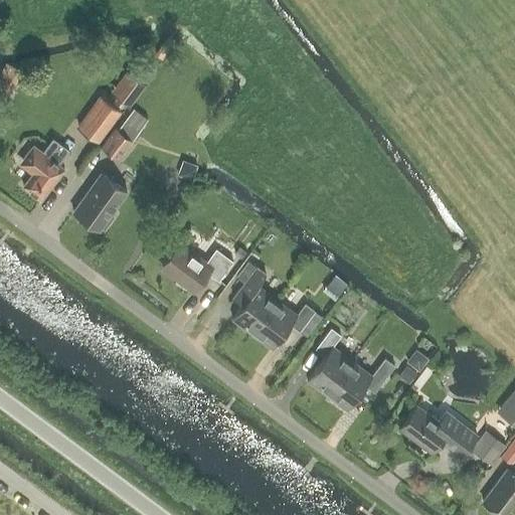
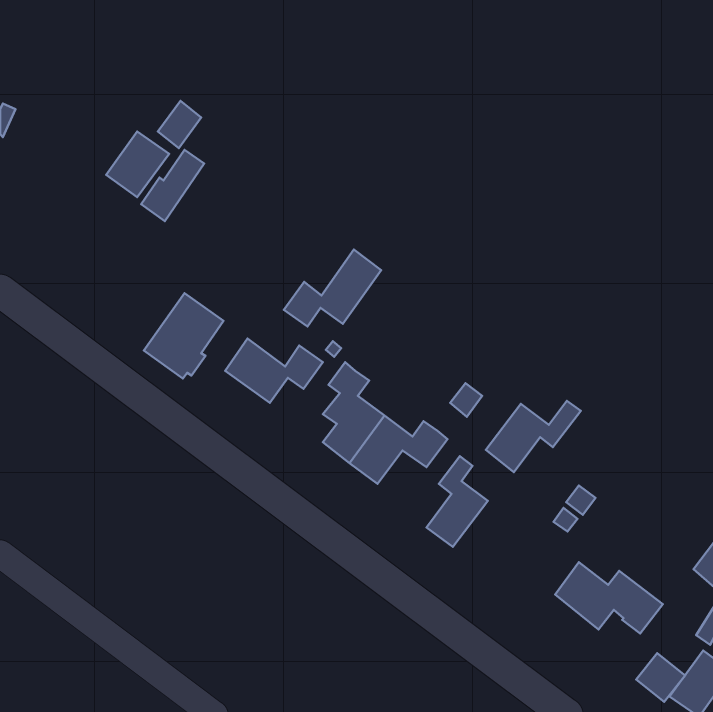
building: [18,140,70,200] -> none
building: [71,172,129,233] -> [144,293,224,378]
building: none -> [284,250,381,326]
building: [327,360,395,411] -> [486,401,581,472]
building: [472,432,507,467] -> [636,653,685,702]

